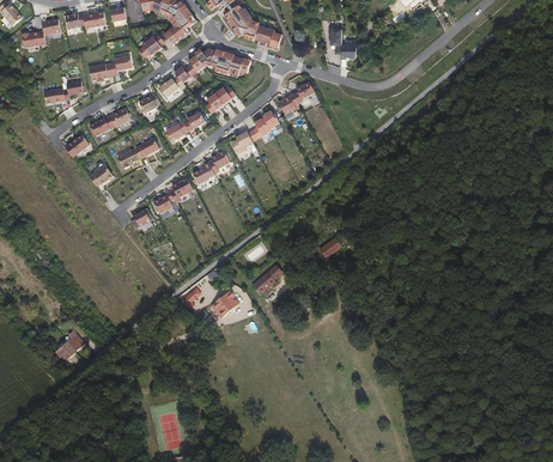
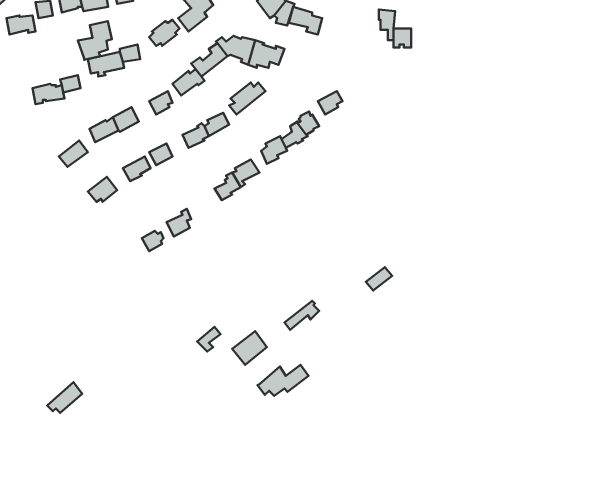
building: none -> [78,21,112,60]
building: none -> [257,365,309,396]

